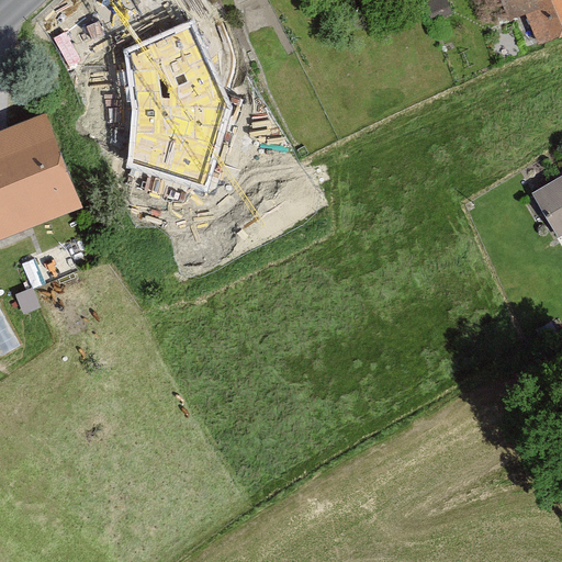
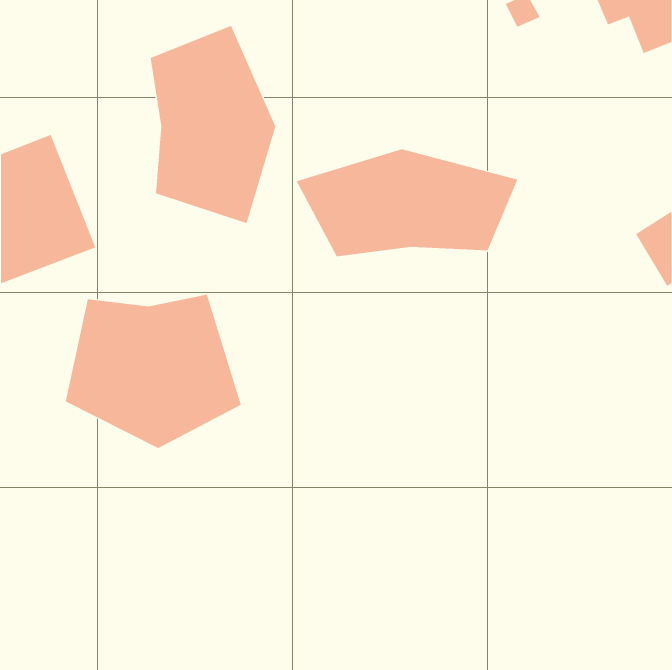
building: none -> [296,149,518,257]
building: none -> [65,294,241,449]

